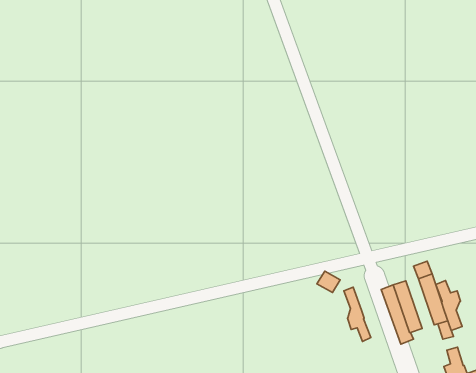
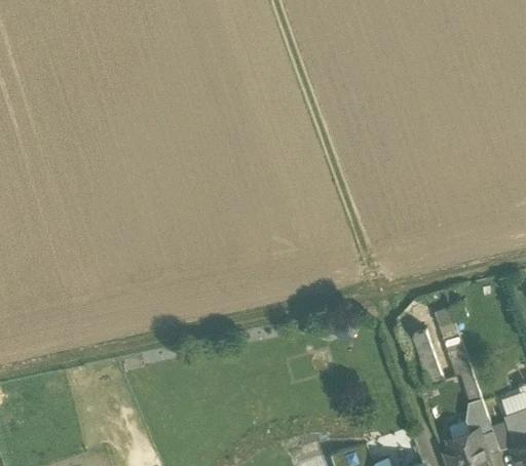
building: [436,280,462,330] -> none
building: [344,287,371,341] -> none

